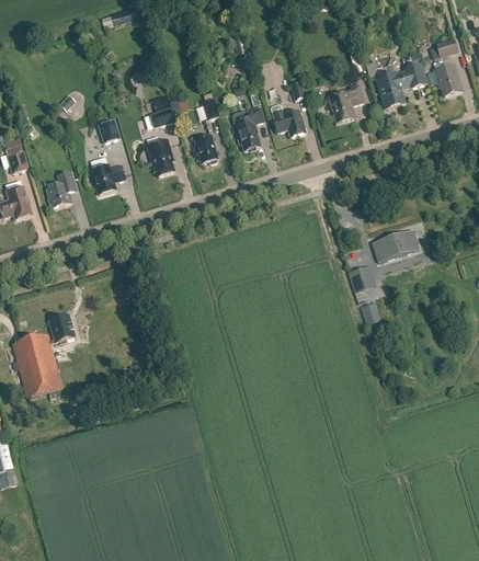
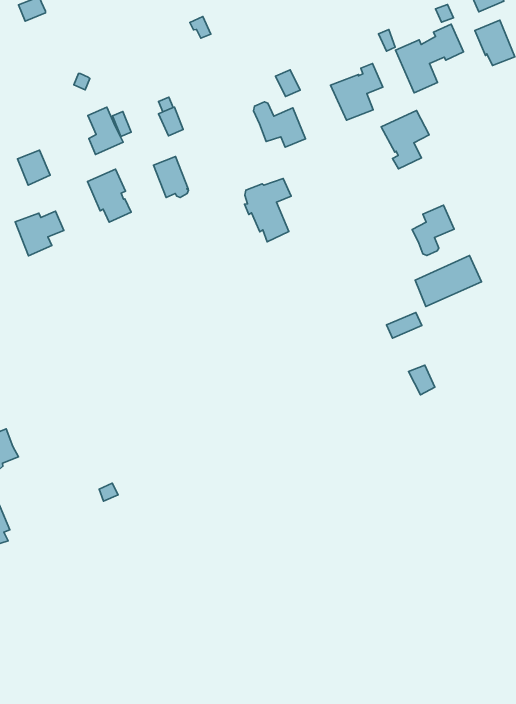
building: [230,106,264,150] -> [244,178,291,242]
building: none -> [381,110,429,169]
building: none -> [412,205,454,255]

